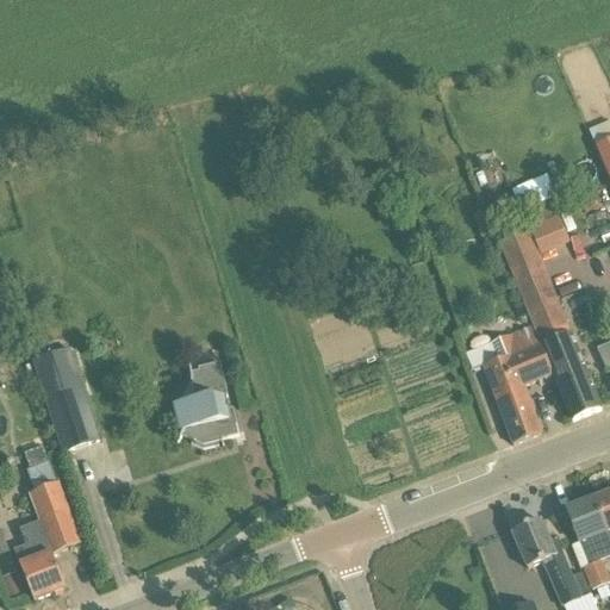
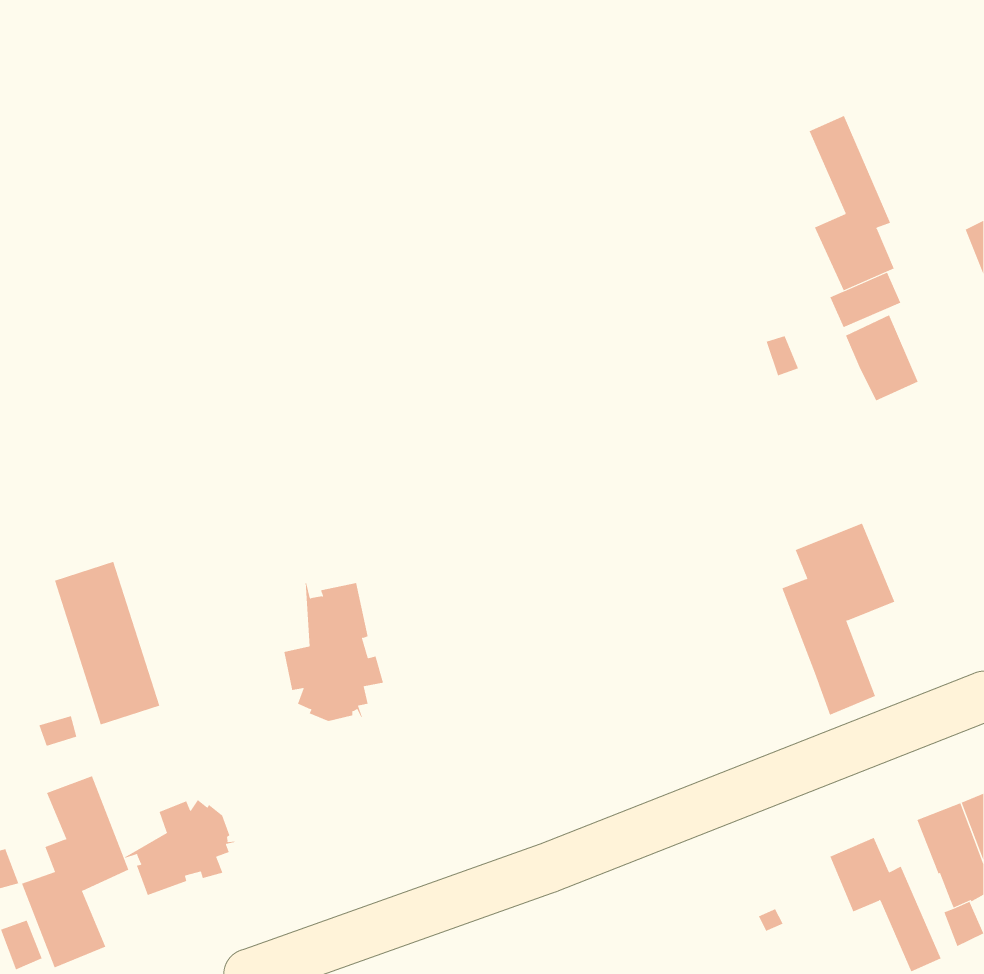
building: none -> [809,115,894,291]
building: [497,220,600,417] -> none
building: none -> [124,799,236,896]

